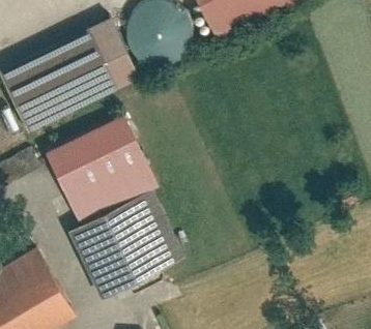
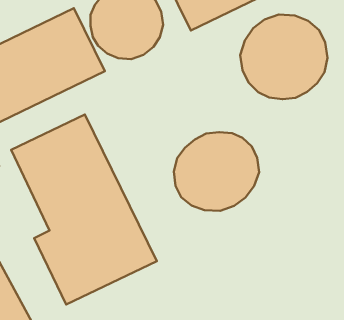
building: none -> [240,14,328,99]
building: none -> [174,132,259,211]

